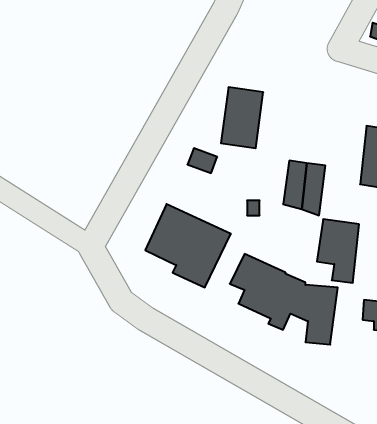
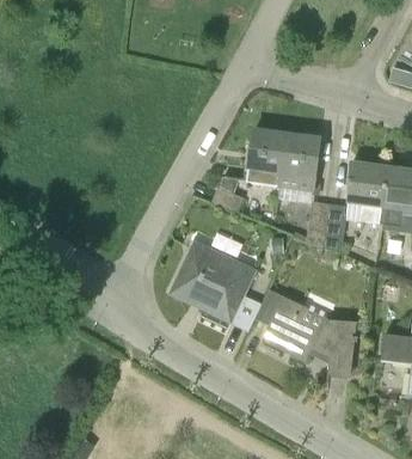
building: none -> [279,134,320,192]
building: [317,219,359,283] -> [345,161,386,222]

